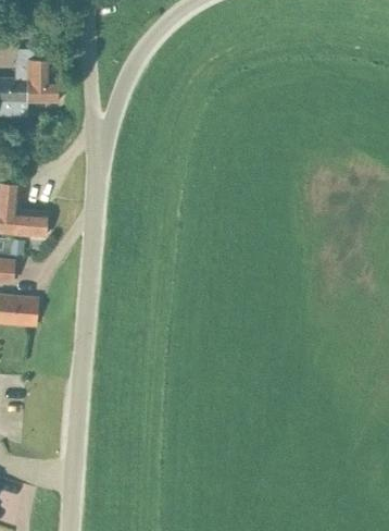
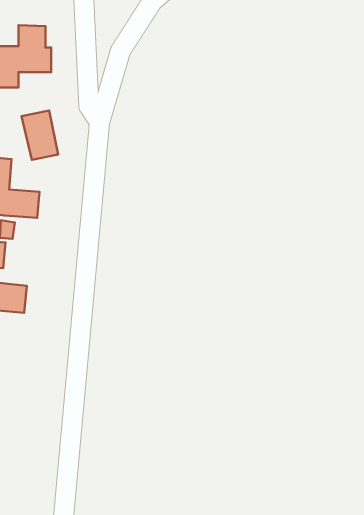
building: none -> [21,111,58,160]

